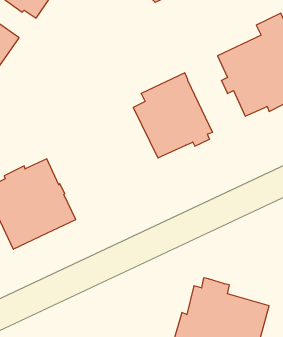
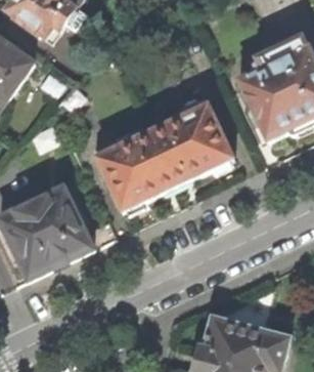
building: none -> [93,129,177,213]

